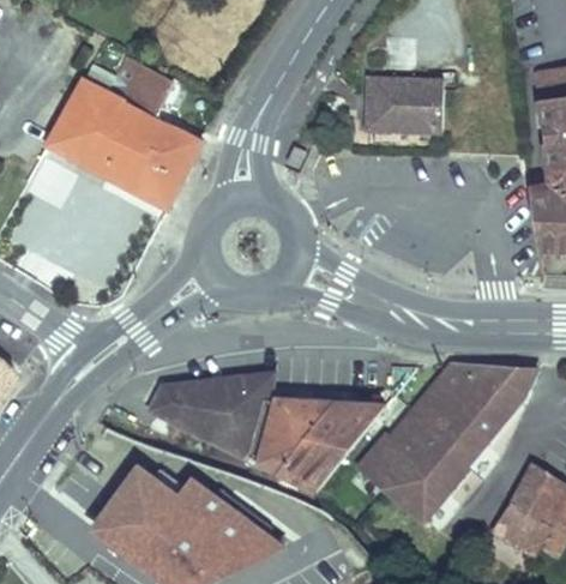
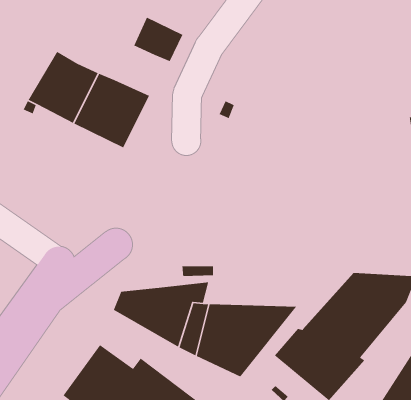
building: [108,60,171,118] -> [133,16,184,62]
building: [365,79,446,138] -> none

